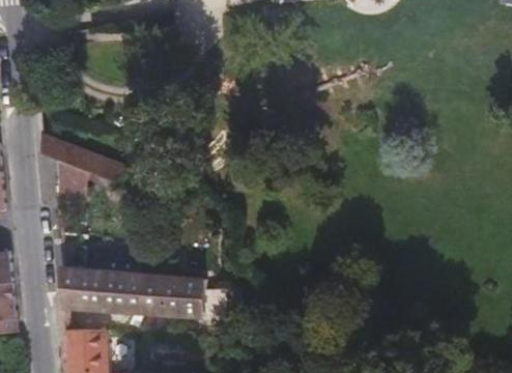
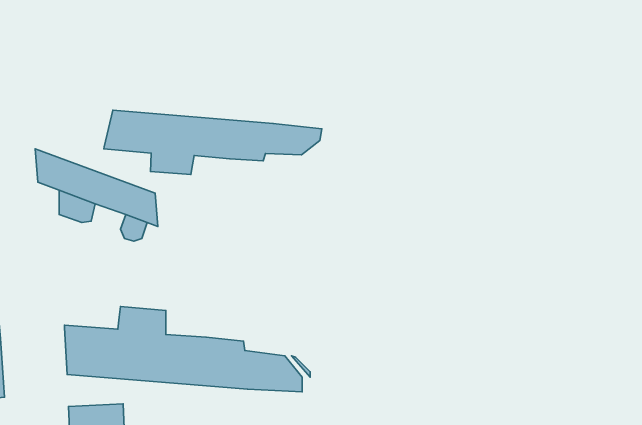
building: none -> [104,110,322,174]

